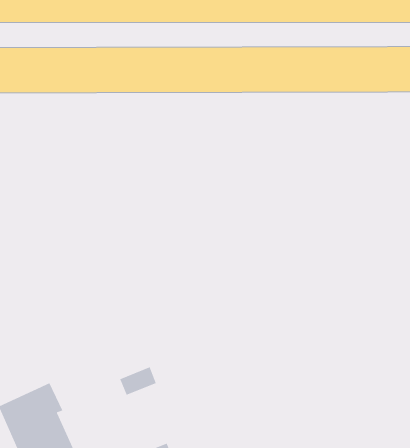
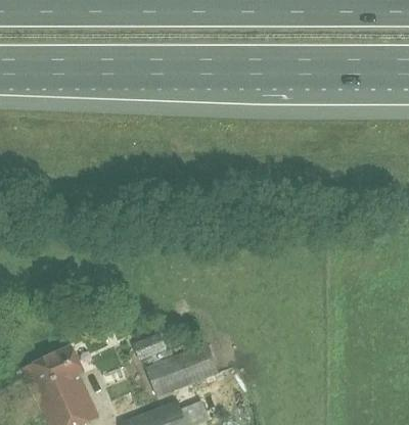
building: none -> [144,341,216,393]

